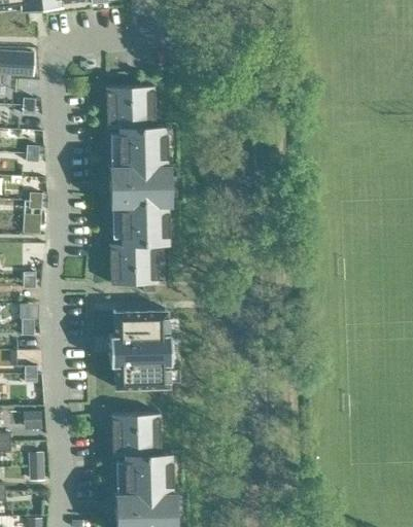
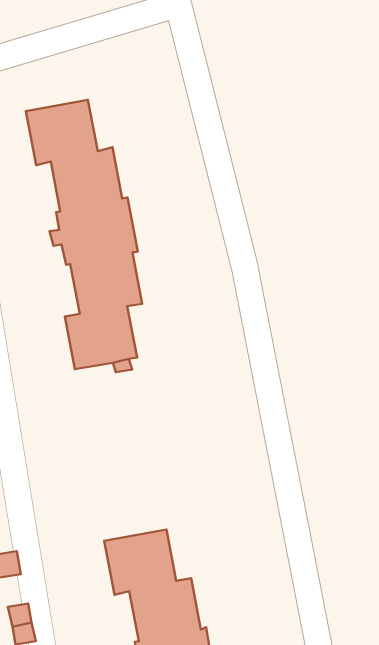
building: [104,310,167,389] -> none

